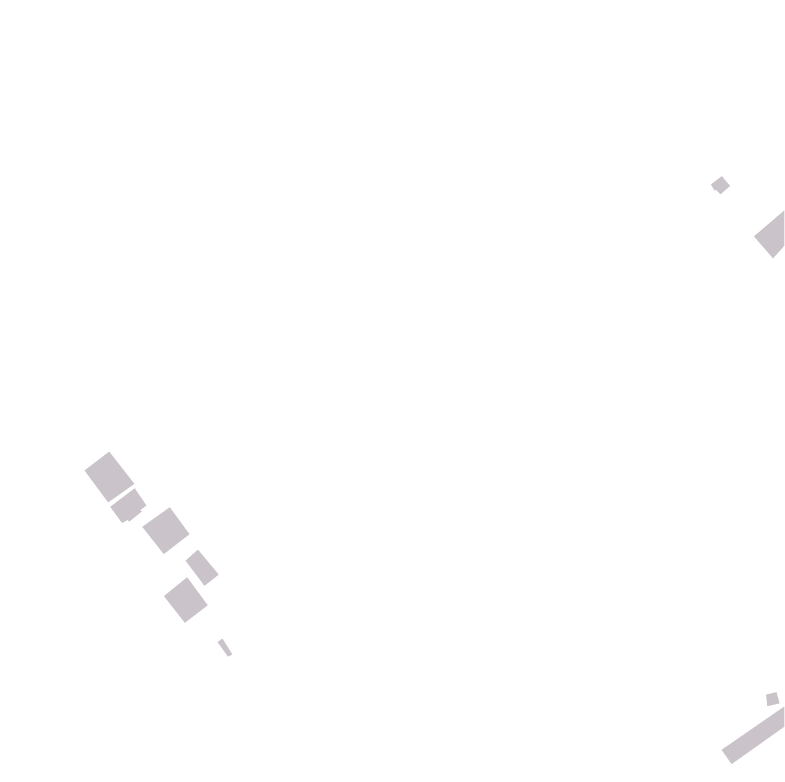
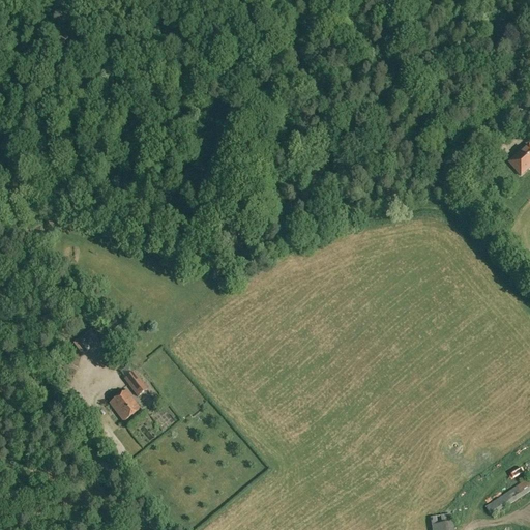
building: [83,450,135,503] -> none
building: [141,506,191,555] -> none

